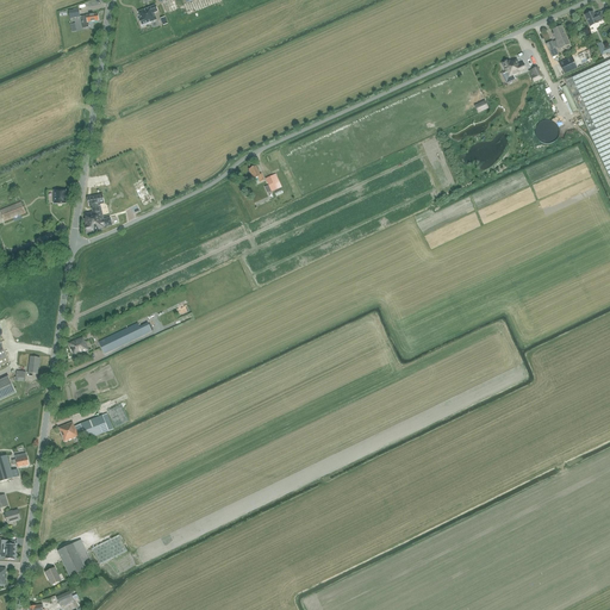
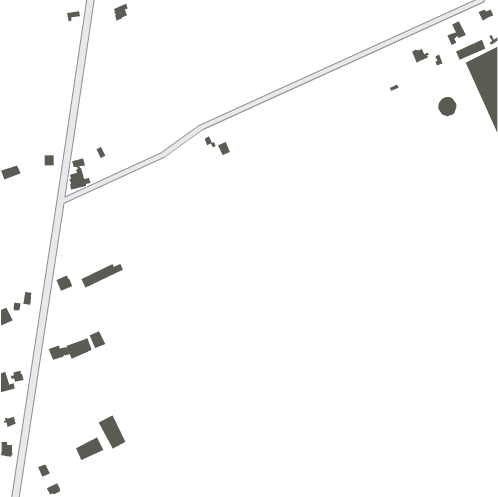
building: none -> [98,415,126,450]
building: [57,542,87,578] -> none

